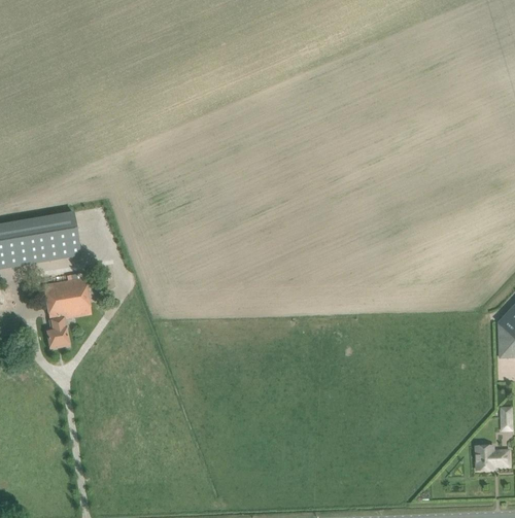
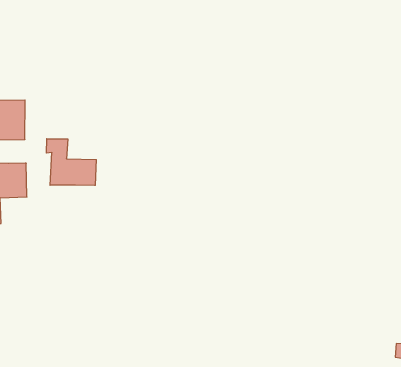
building: none -> [47,139,96,185]

